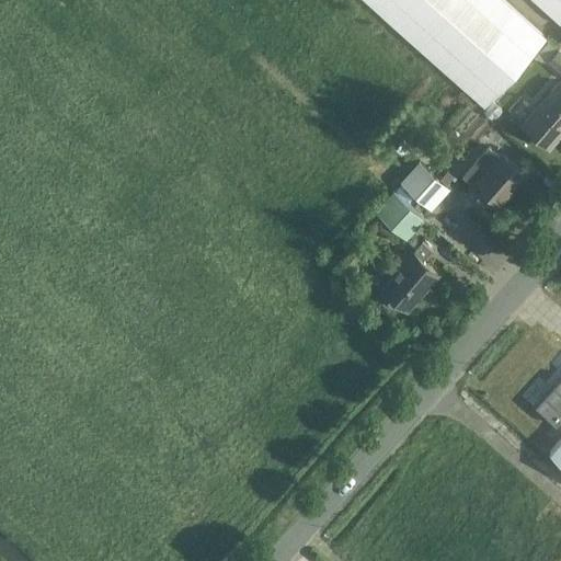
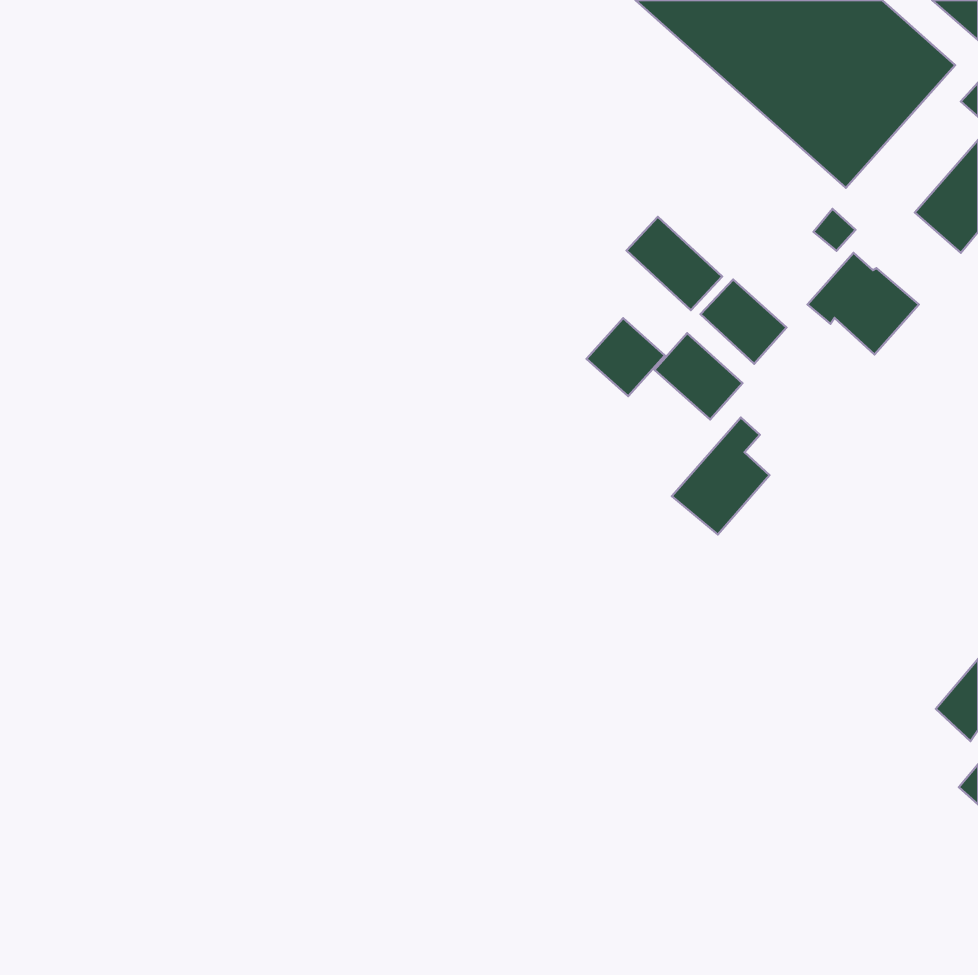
building: none -> [627,217,722,310]
building: none -> [587,318,665,396]

